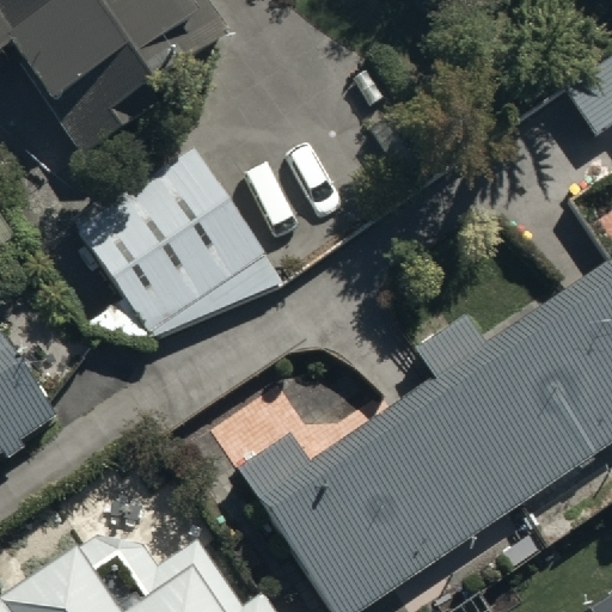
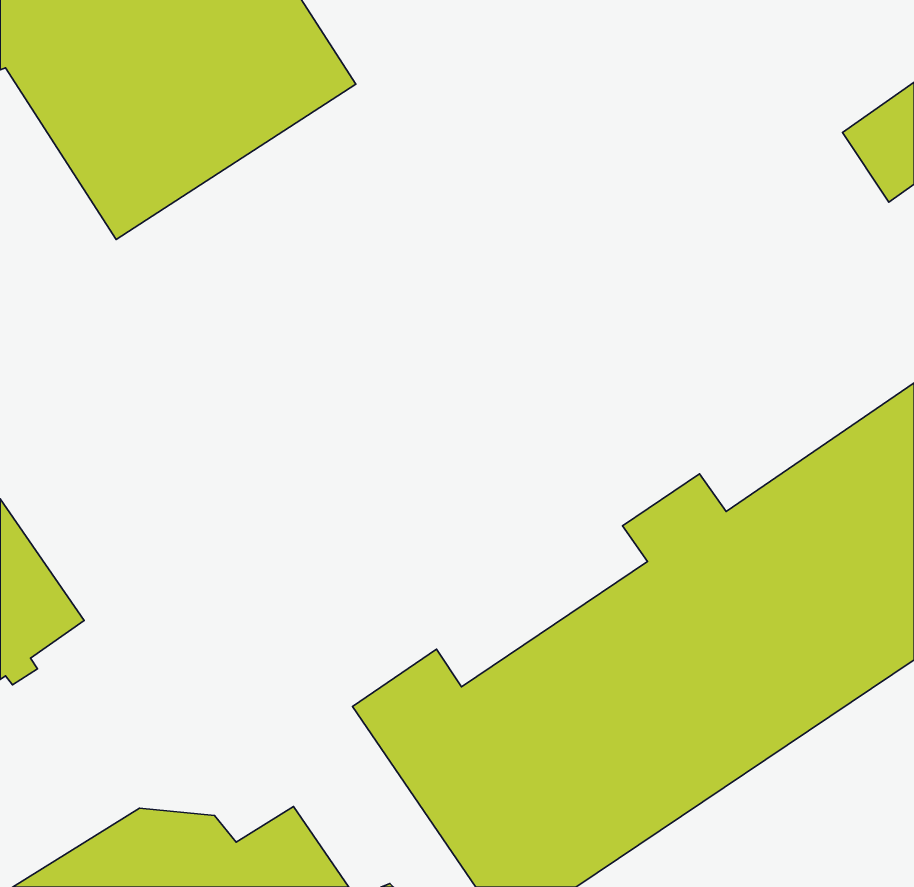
building: [76,146,282,337] -> none

